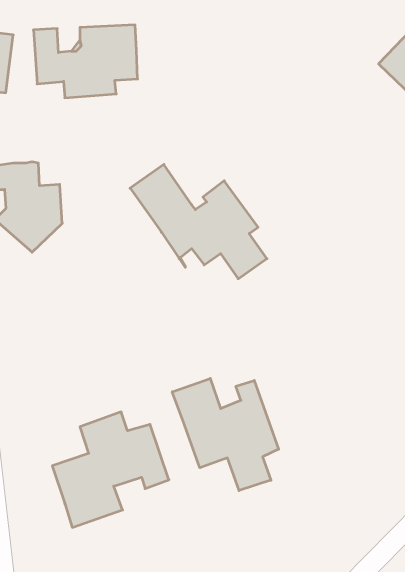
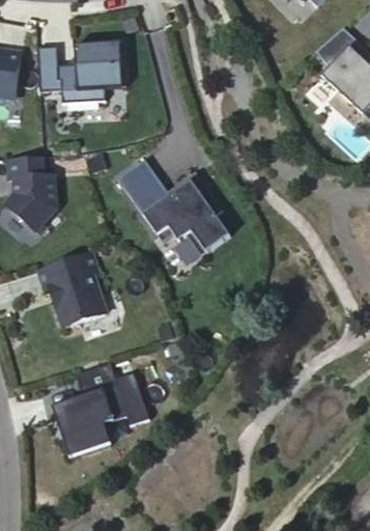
building: none -> [36,251,105,327]
building: [172,378,279,491] -> none

